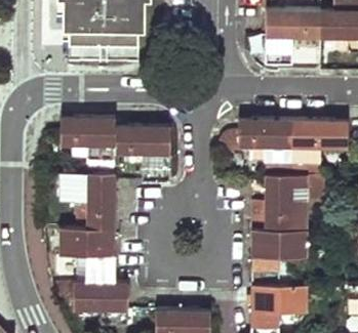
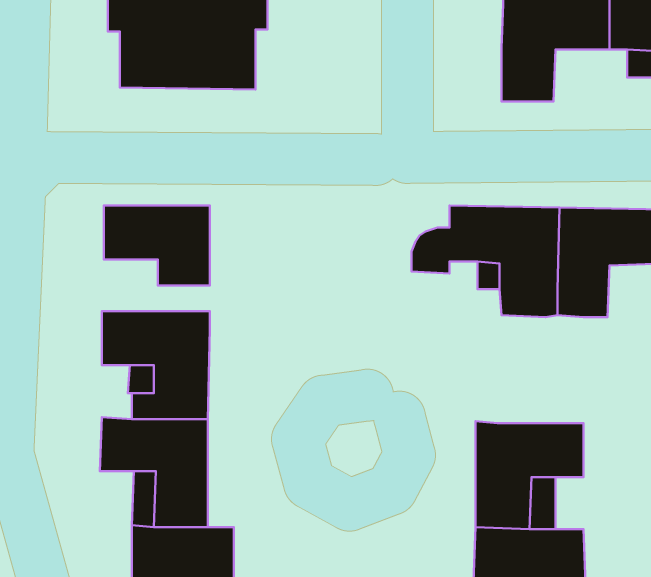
building: [115,124,170,182] -> none
building: [251,174,307,230] -> none

